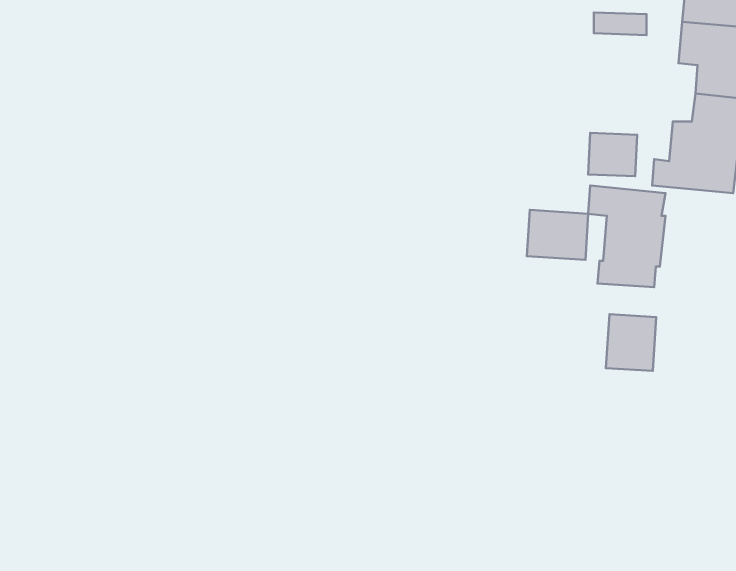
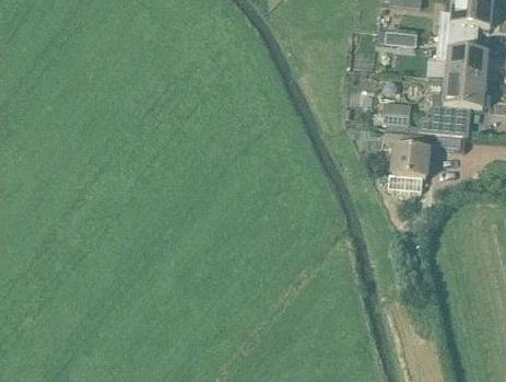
building: [527,210,588,260] -> none
building: [606,314,656,371] -> none

